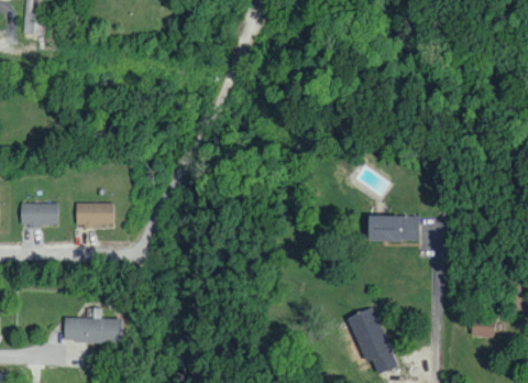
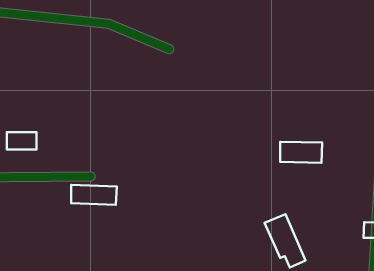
building: [77,204,113,227] -> none
building: [64,318,121,343] -> [71,185,117,205]

